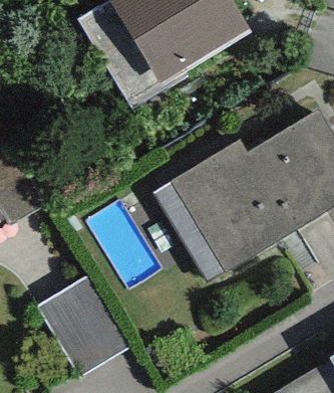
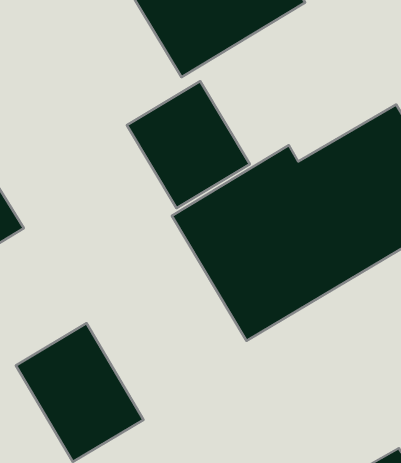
building: none -> [127,81,250,208]

